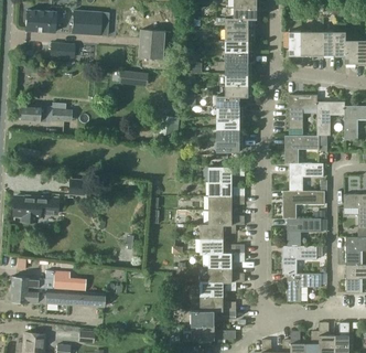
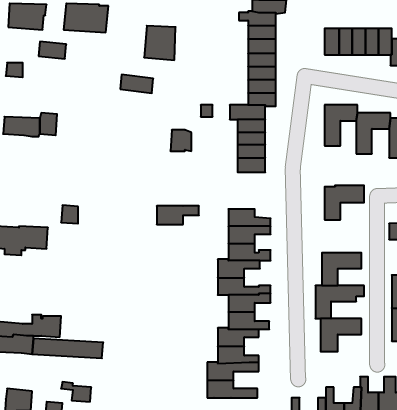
building: [284,137,319,164] -> none
building: [209,168,245,183] -> [157,206,199,224]
building: [282,191,325,220] -> none

